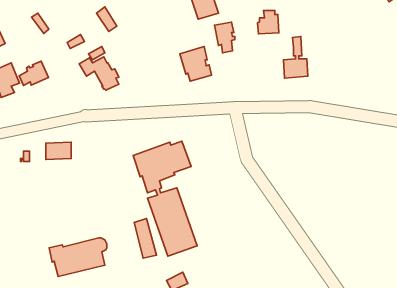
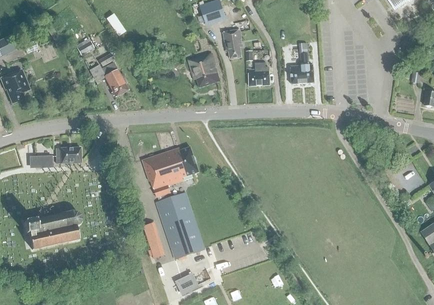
building: [257,11,279,34] -> [248,62,269,85]
building: [19,61,49,85] -> none
building: [49,238,107,276] -> [23,210,80,248]

